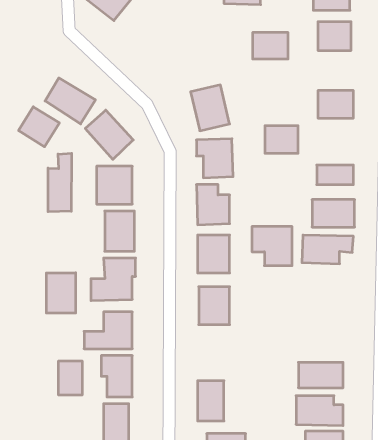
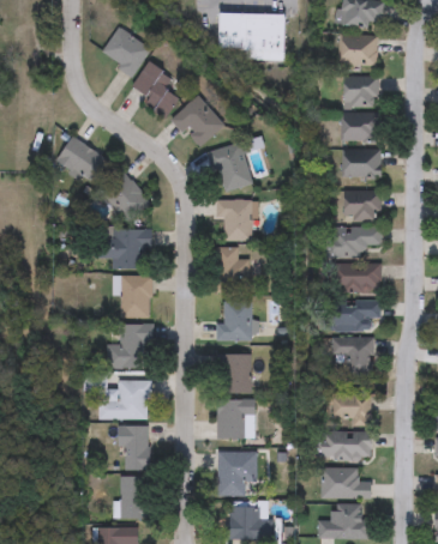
building: none -> [132,61,179,119]
building: [253,33,288,59] -> [342,114,379,141]
building: none -> [172,96,223,147]
building: [19,107,59,147] -> none
building: [265,126,298,153] -> [344,191,379,219]
building: [48,153,72,212] -> none
building: [252,227,292,266] -> [330,337,372,377]
building: [46,273,76,313] -> none
building: none -> [331,393,371,424]
building: none -> [217,399,253,437]
building: [59,361,82,395] -> none

